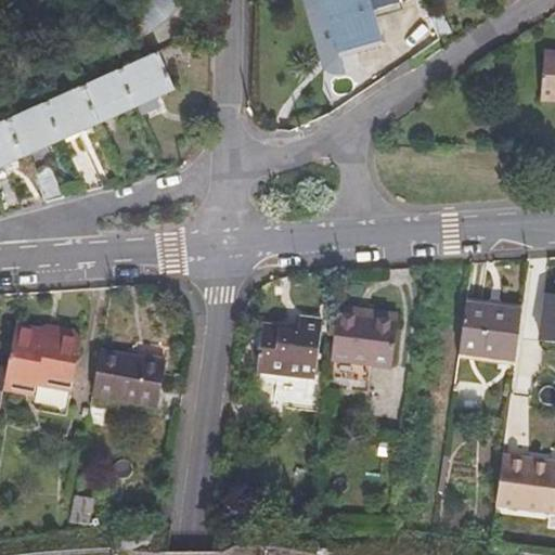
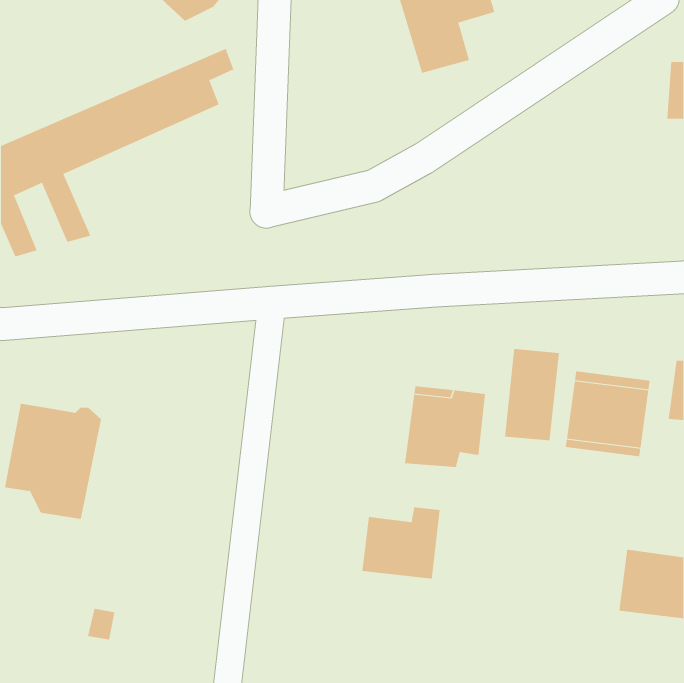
building: none -> [504,348,559,441]
building: [254,322,318,380] -> [361,507,440,579]
building: [93,350,165,405] -> none

